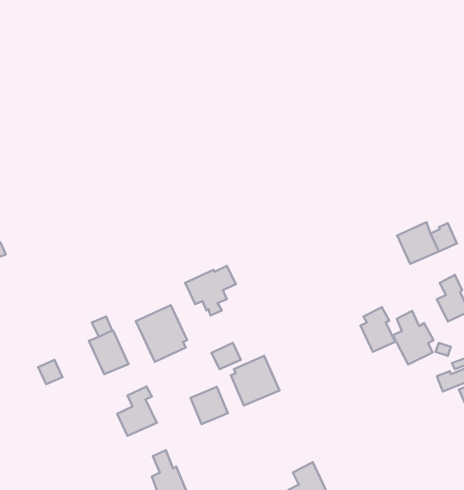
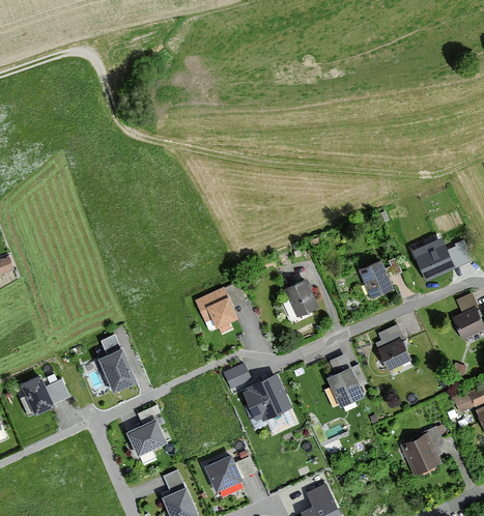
building: none -> [359,260,393,298]
building: none -> [283,279,319,318]
building: [136,305,187,362] -> none
building: [393,311,433,365] -> [324,353,366,408]
building: none -> [19,375,54,417]
building: [190,387,228,424] -> [203,455,241,493]
building: none -> [401,428,443,476]

